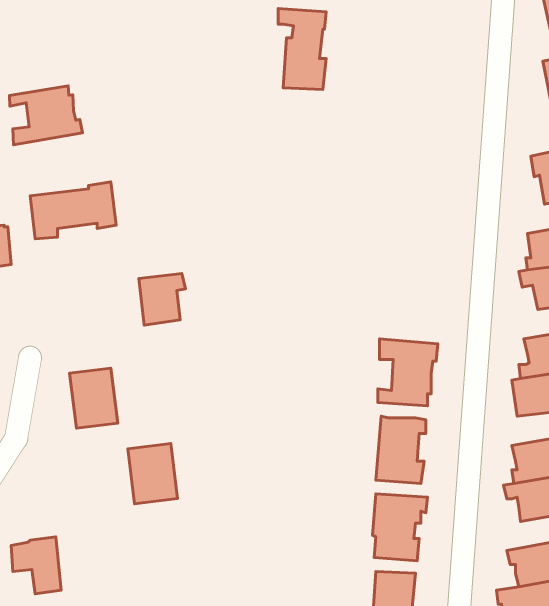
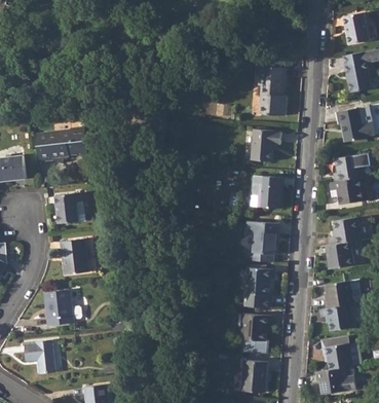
building: [278,9,326,90] -> [258,67,287,115]
building: [9,86,82,145] -> none
building: none -> [253,129,282,161]
building: none -> [254,177,282,209]
building: [139,273,185,325] -> [56,193,84,224]
building: [128,444,178,504] -> [45,290,75,326]

